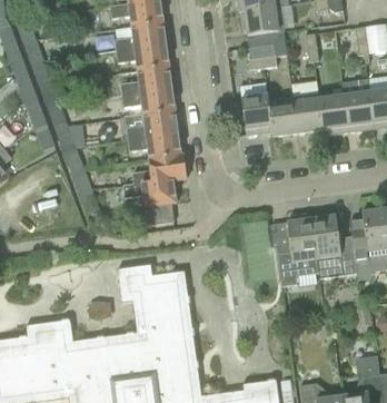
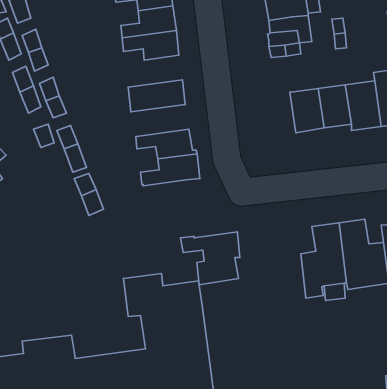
building: [119,66,170,95] -> none
building: [239,81,271,134] -> none
building: [123,110,176,139] -> none
building: [122,178,176,226] -> [181,232,240,285]

